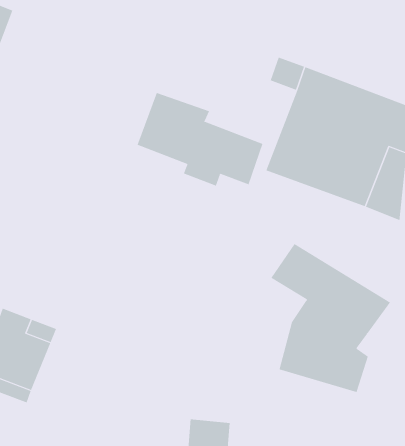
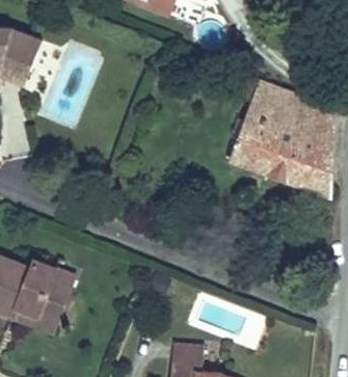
building: [137,92,263,187] -> none
building: [271,243,391,393] -> none

